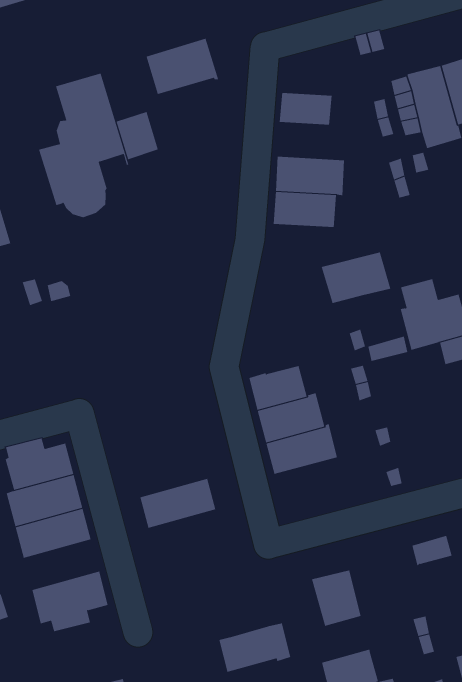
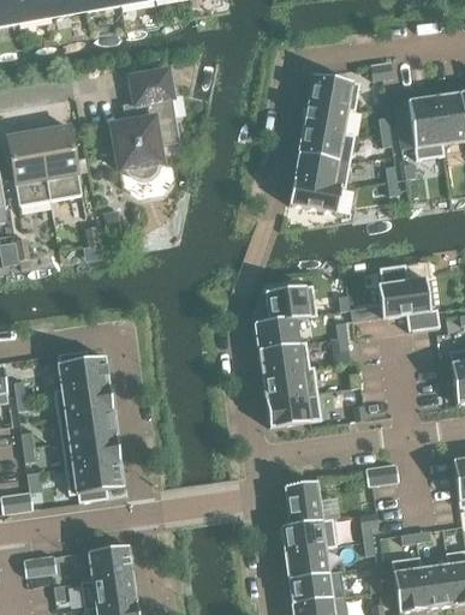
building: [146,38,219,95] -> none
building: none -> [308,73,360,111]
building: [116,111,159,160] -> none
building: none -> [298,125,356,161]
building: [321,252,391,304] -> [264,285,317,321]
building: none -> [266,393,322,430]
building: [140,478,216,529] -> [61,434,120,467]
building: [218,623,291,673] -> [281,518,336,551]

